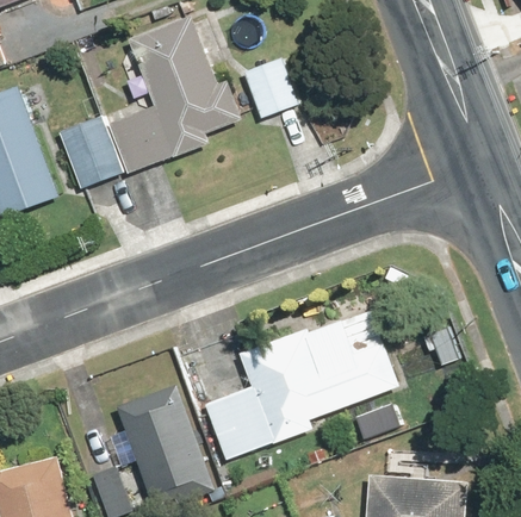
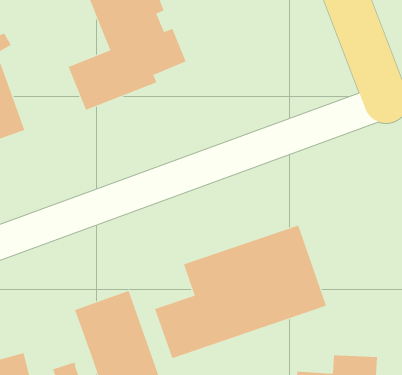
building: [243,58,297,119] -> none
building: [57,116,124,191] -> none

